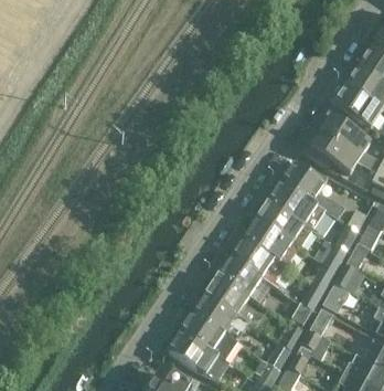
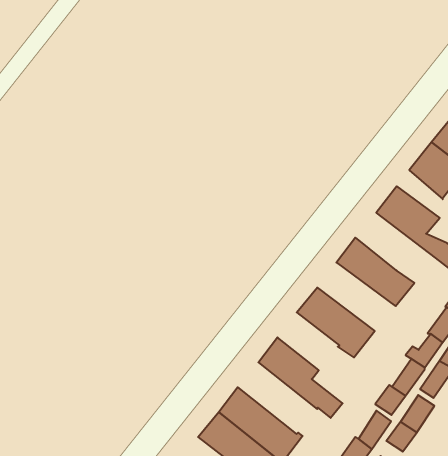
building: [267,180,324,228] -> none
building: [243,218,299,264] -> none
building: [217,255,262,295] -> none
building: [192,293,249,341] -> none

